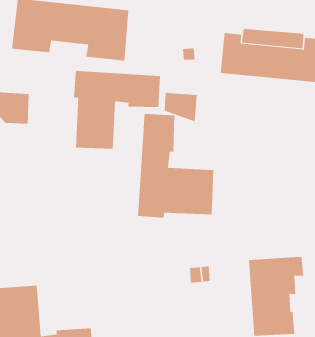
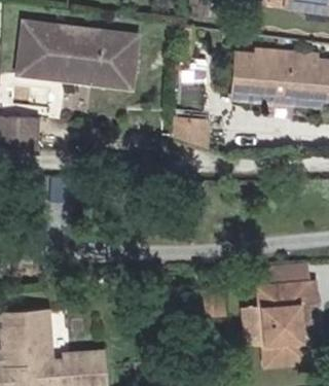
building: [73,70,161,150] -> none
building: [138,113,214,219] -> none
building: none -> [257,261,309,285]

